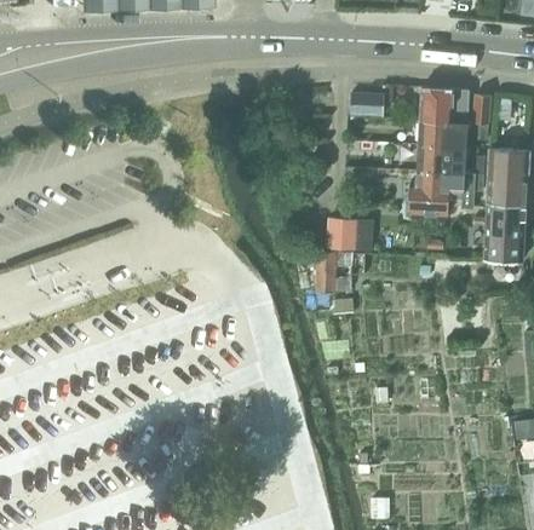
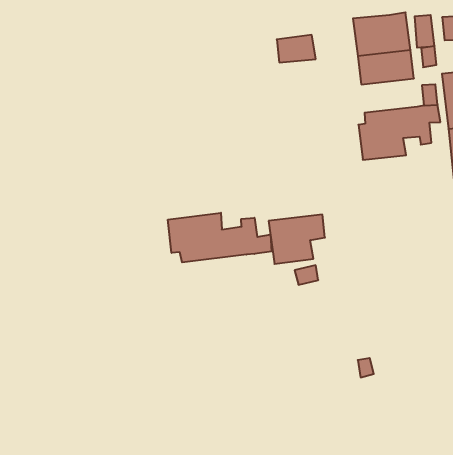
building: [418,145,466,173] -> none
building: [326,218,357,249] -> none
building: none -> [168,213,271,262]

